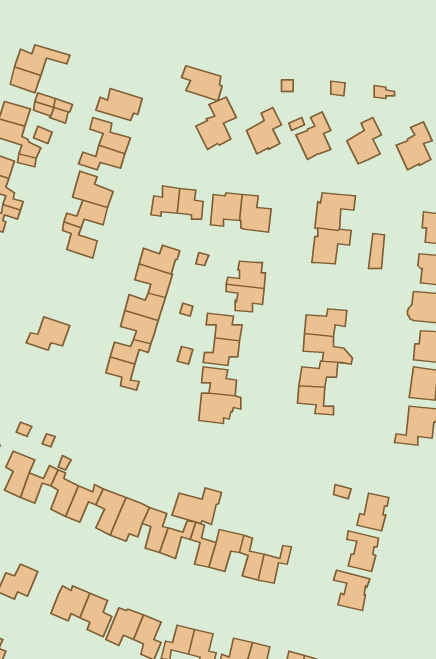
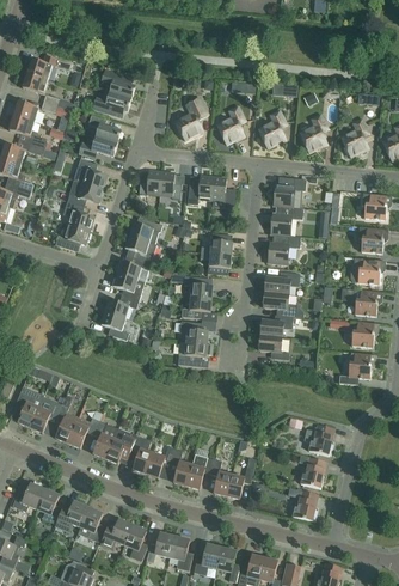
building: [182,66,222,101] -> [100,69,134,98]
building: none -> [266,233,300,264]
building: [26,317,70,350] -> [54,222,90,250]
building: [172,488,221,525] -> none
building: none -> [36,488,61,523]

